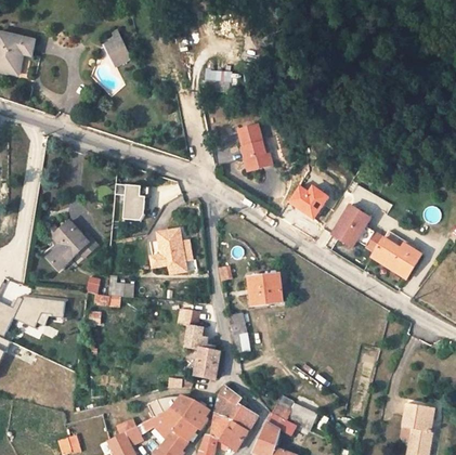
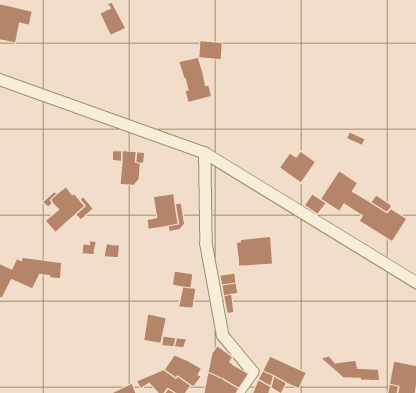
building: [237,125,272,171] -> [178,58,212,103]
building: [196,347,220,377] -> [143,314,166,343]
building: none -> [321,356,380,381]

